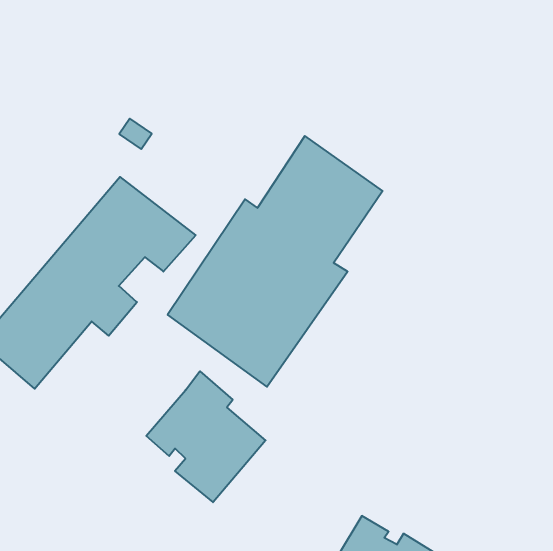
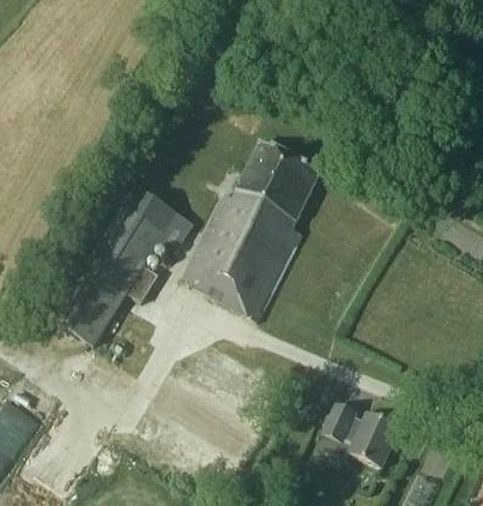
building: [146,371,266,502] -> none

